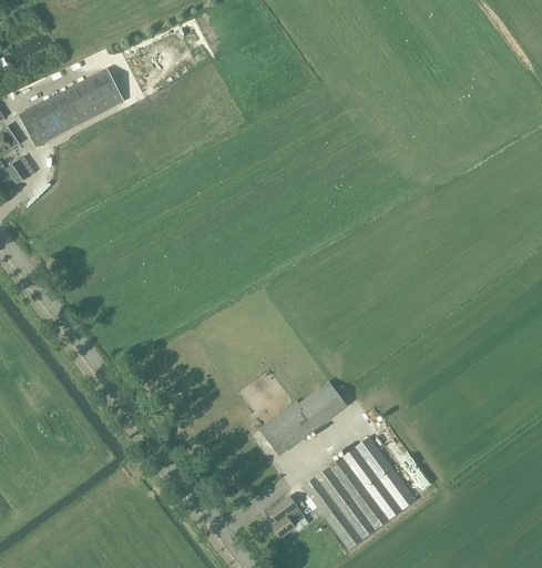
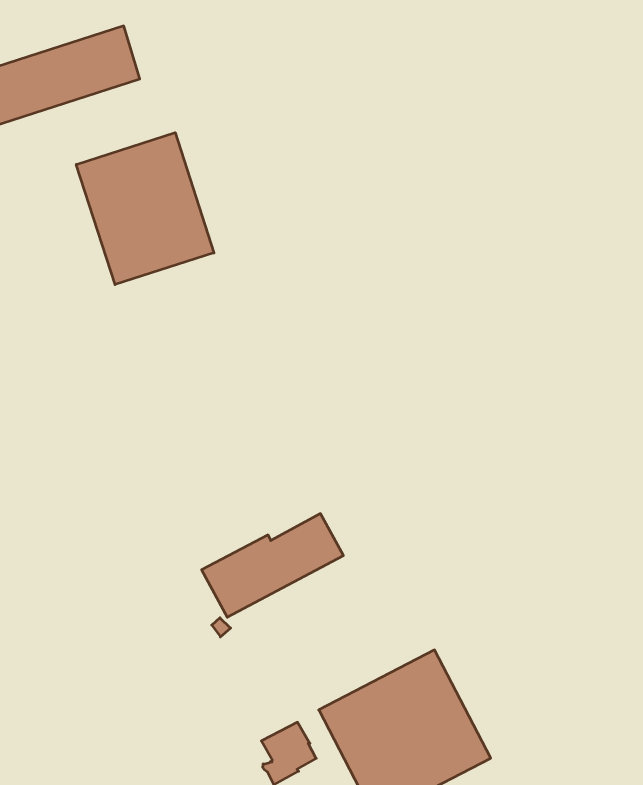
building: none -> [76,133,214,285]
building: [258,379,347,455] -> [202,514,343,617]

